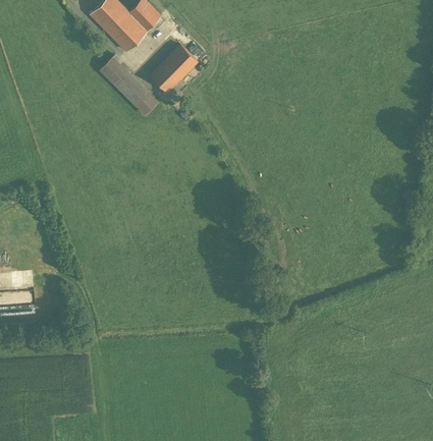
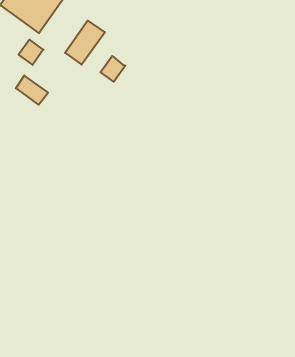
building: [114,71,148,105] -> [16,75,48,105]
building: none -> [100,56,125,82]

